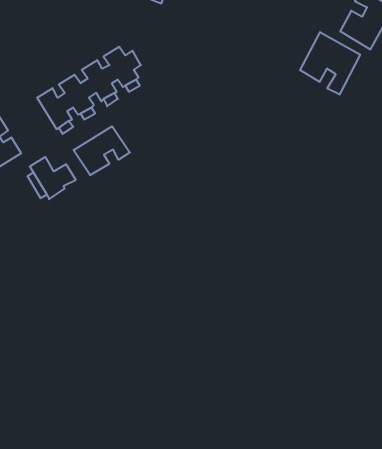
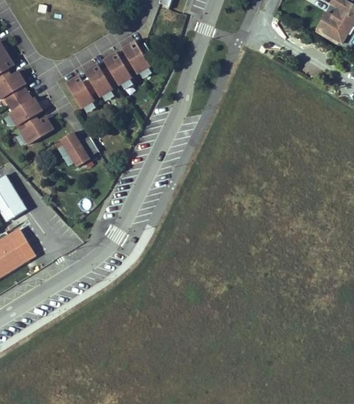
building: [300,32,360,95] -> none
building: [74,126,130,175] -> none

